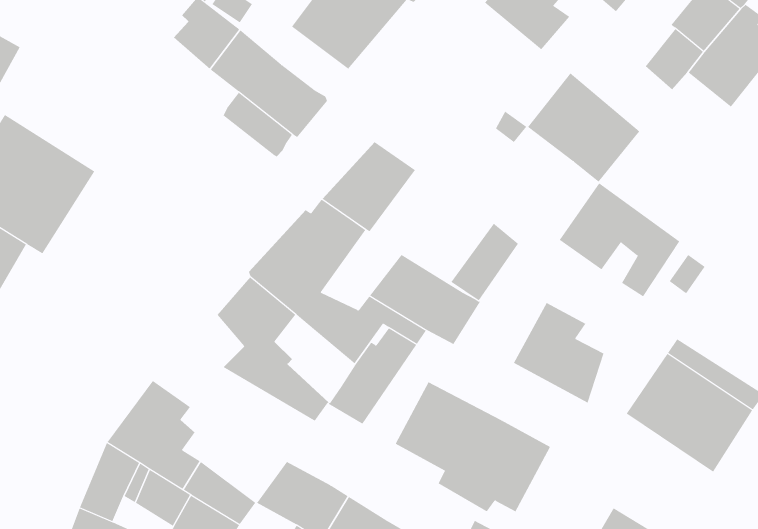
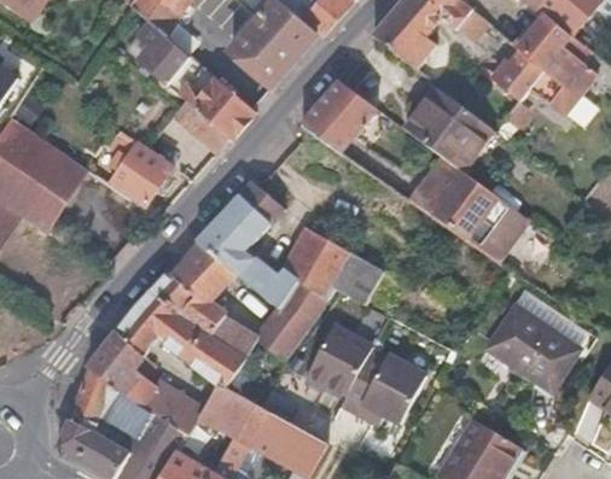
building: none -> [104,125,169,201]
building: [322,141,416,232] -> [302,82,373,151]
building: [450,223,519,301] -> [409,156,461,215]
building: [513,302,604,403] -> none
building: none -> [123,269,246,382]

